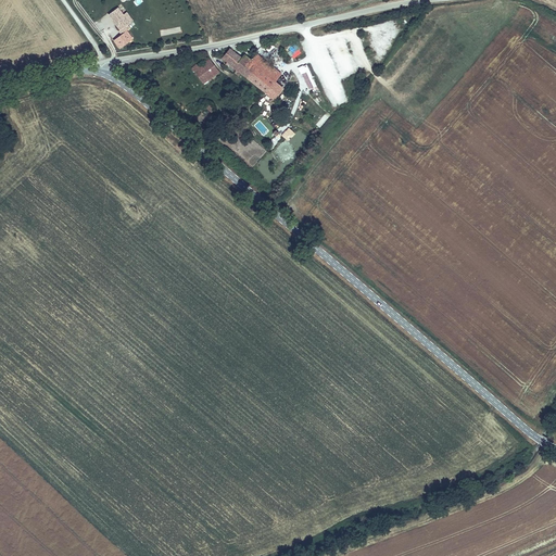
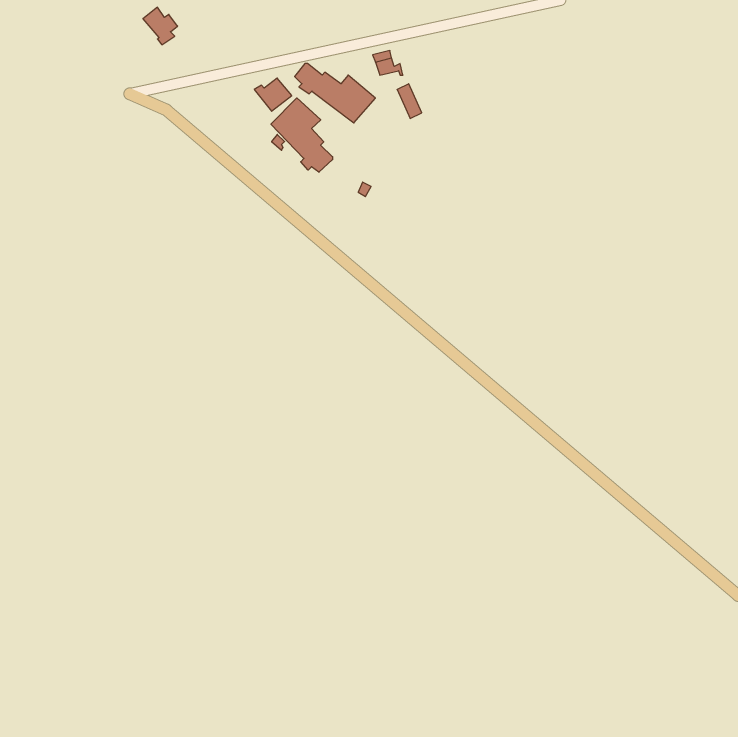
building: none -> [271,98,333,172]

